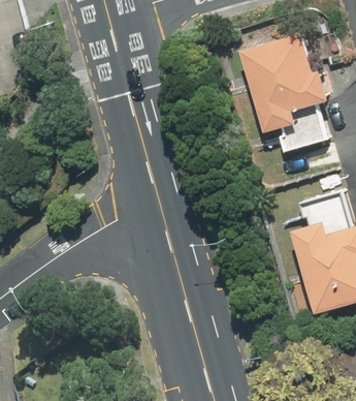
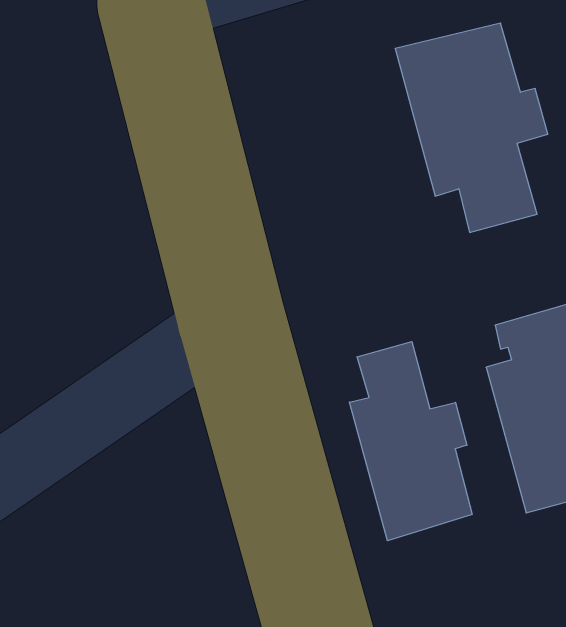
building: none -> [349,342,472,541]

